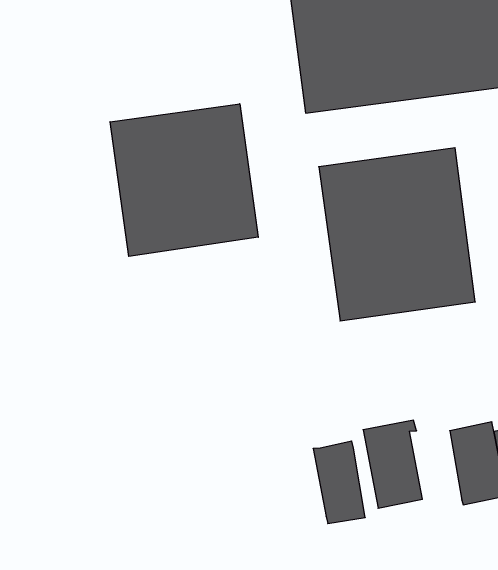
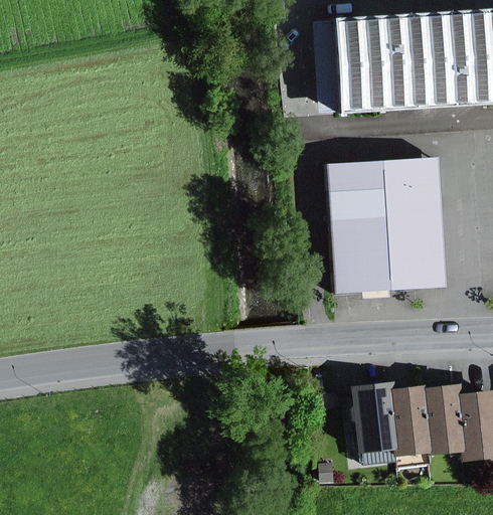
building: [110,104,258,256] -> none
building: [313,441,365,524] -> [387,387,428,456]

